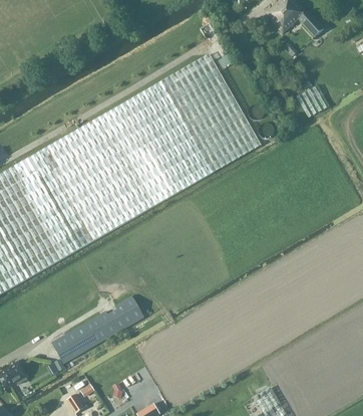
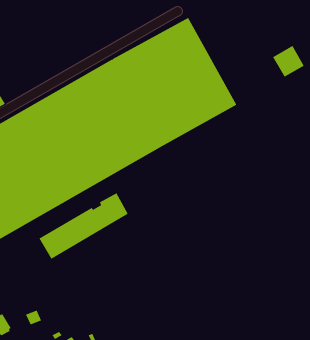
building: [51,294,143,364] -> [39,193,128,260]

